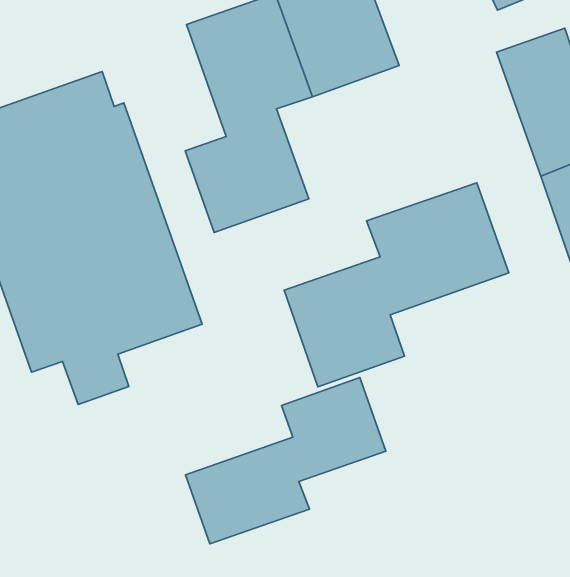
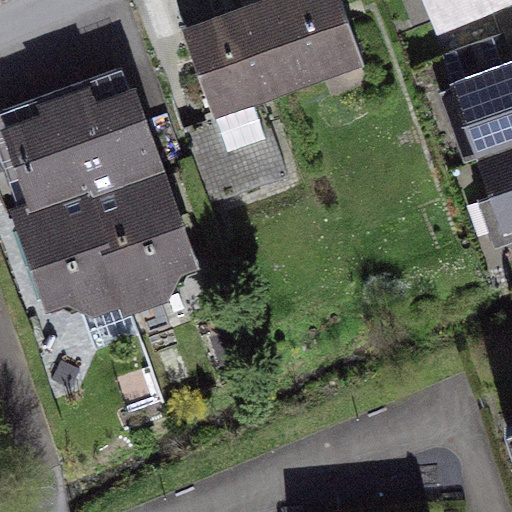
building: [284,183,509,387] -> none
building: [185,378,386,544] -> none

